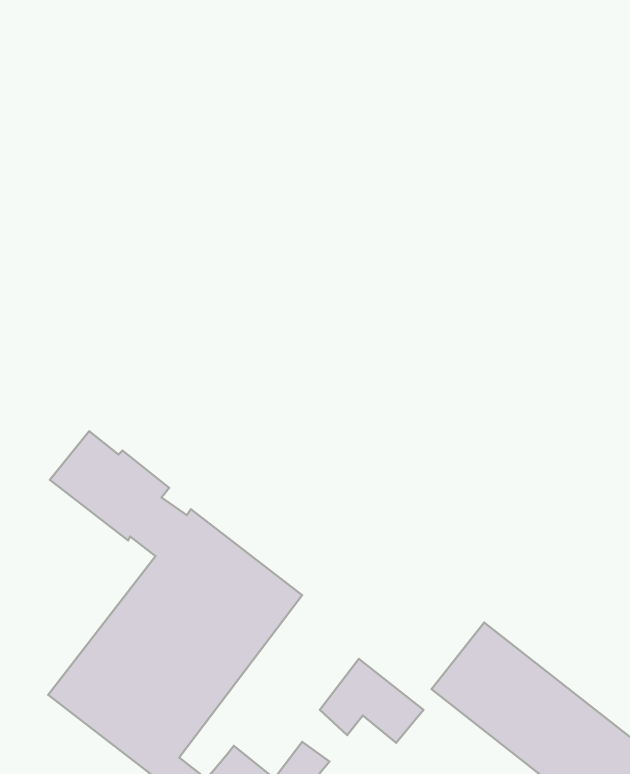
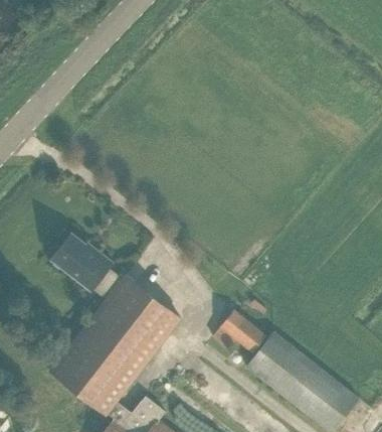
building: [320,659,423,743] -> [213,309,266,352]

